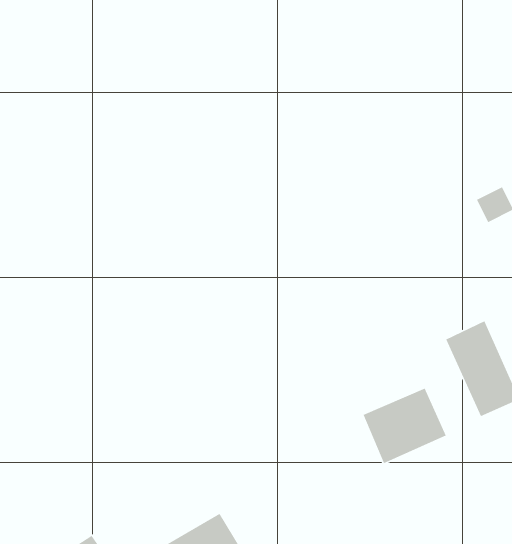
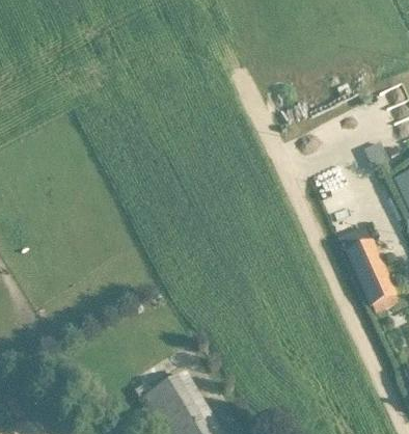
building: [363,387,447,464] -> none

